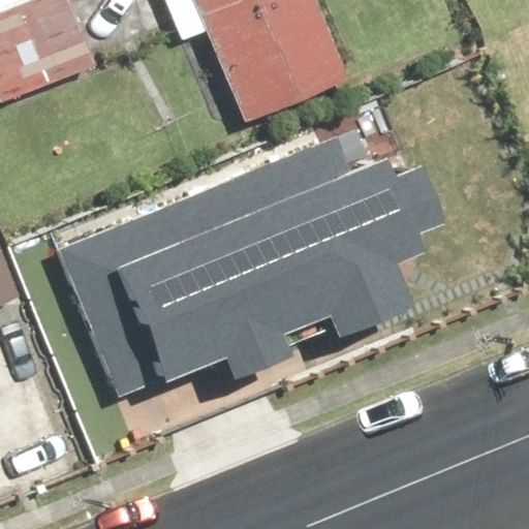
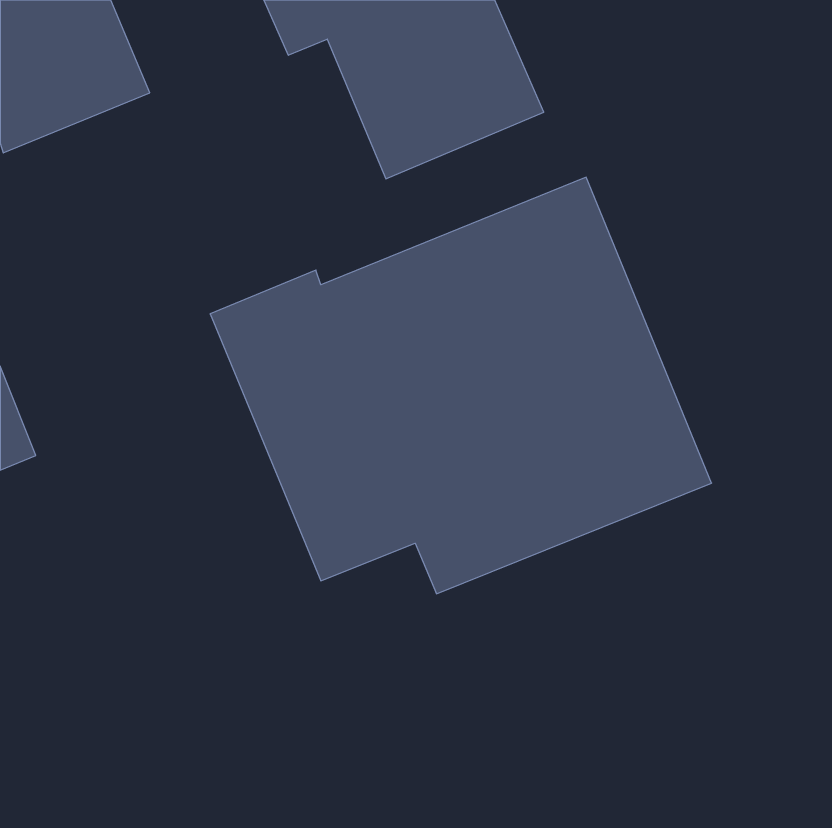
building: [35,218,186,412] -> none

